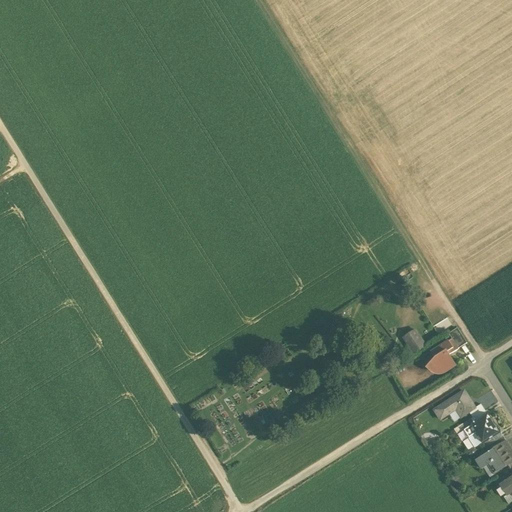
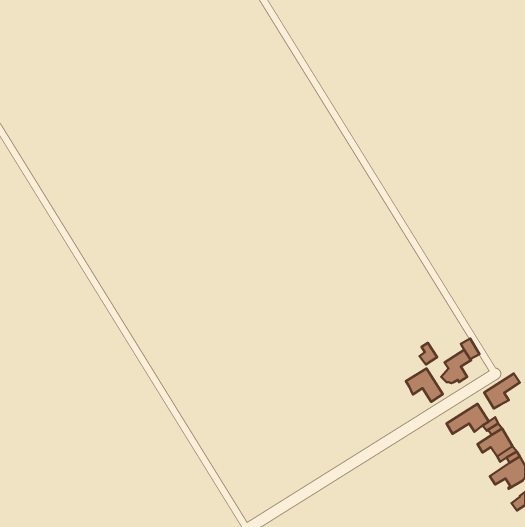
building: none -> [406,368,443,402]
building: none -> [484,374,520,409]

